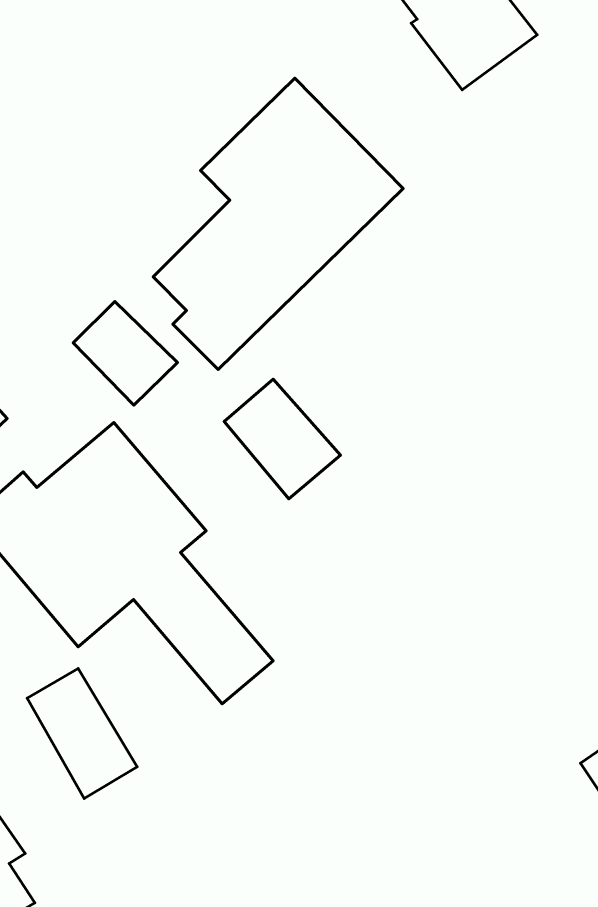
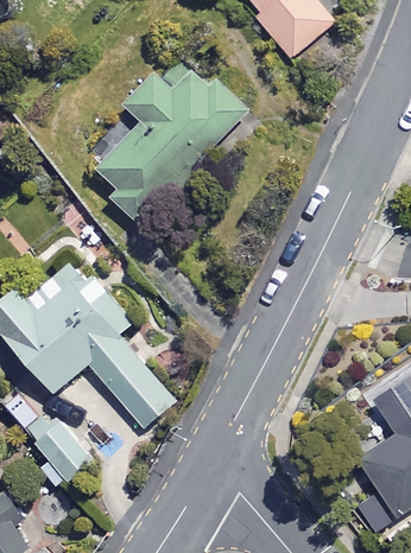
building: [73,301,177,405] -> none
building: [224,379,341,499] -> none

